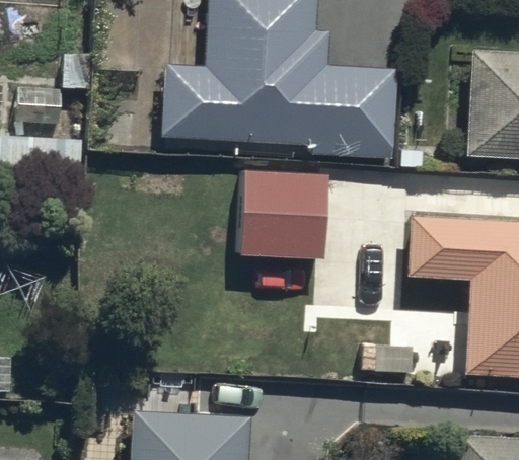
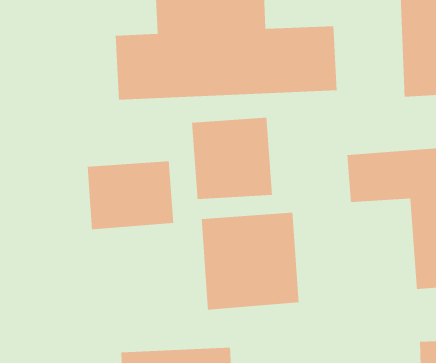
building: none -> [87,160,174,230]
building: none -> [201,212,300,310]

